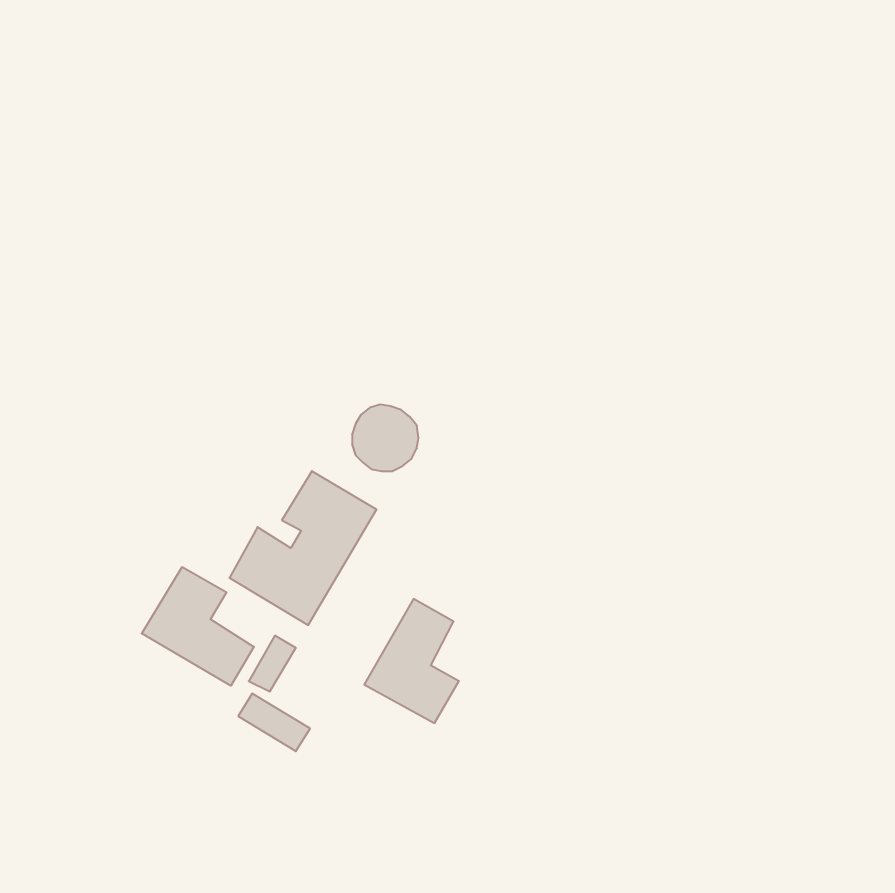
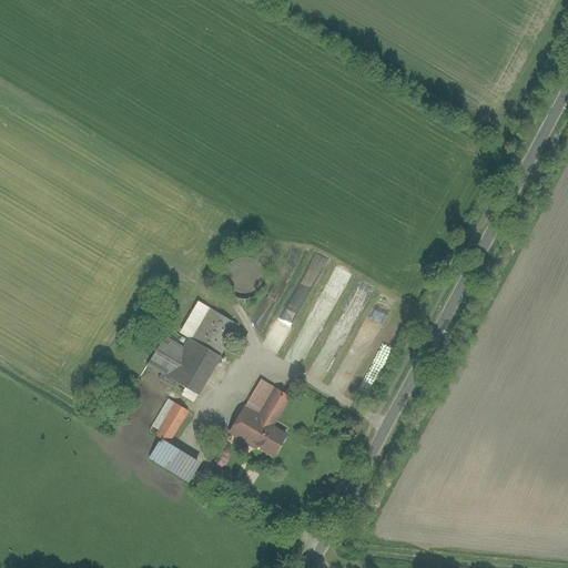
building: [142,567,254,686] -> none

